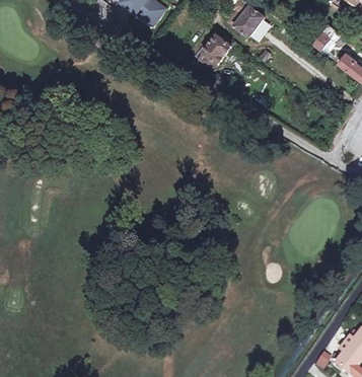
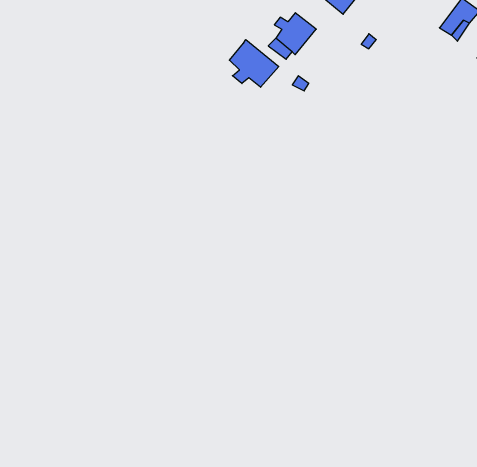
building: none -> [229,40,279,87]

